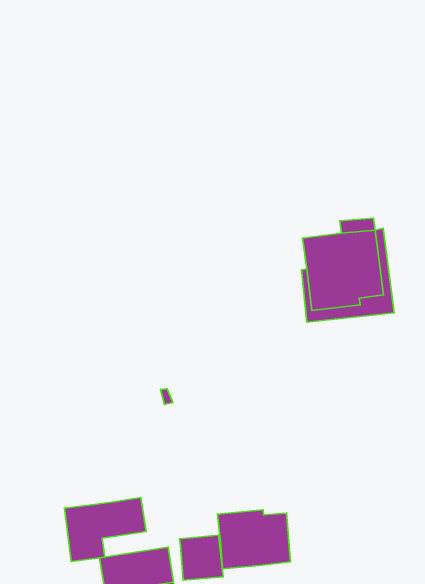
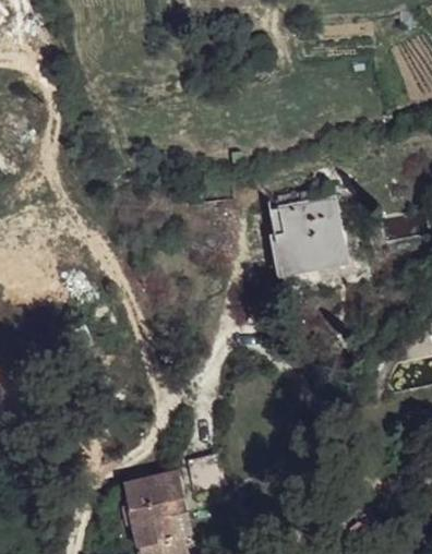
building: [64,497,146,562] -> none
building: [218,510,290,569] -> none

